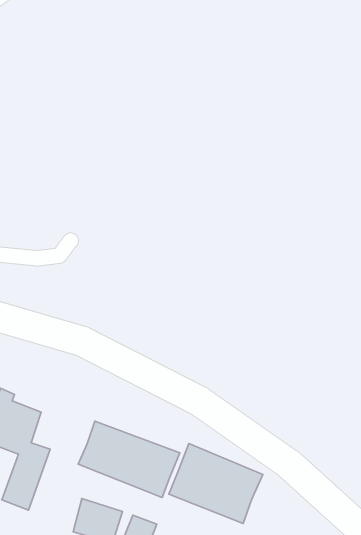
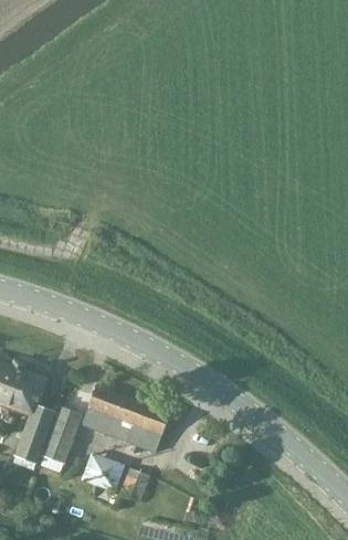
building: none -> [43,405,83,463]
building: [169,443,263,523] -> none

